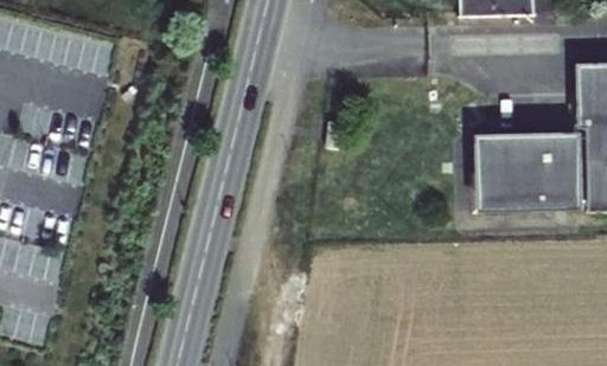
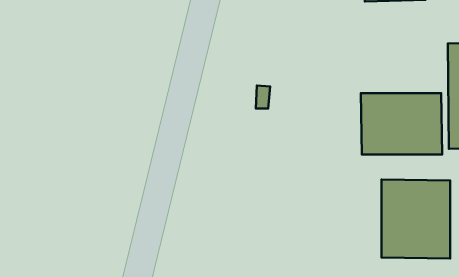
building: none -> [381,180,450,258]

